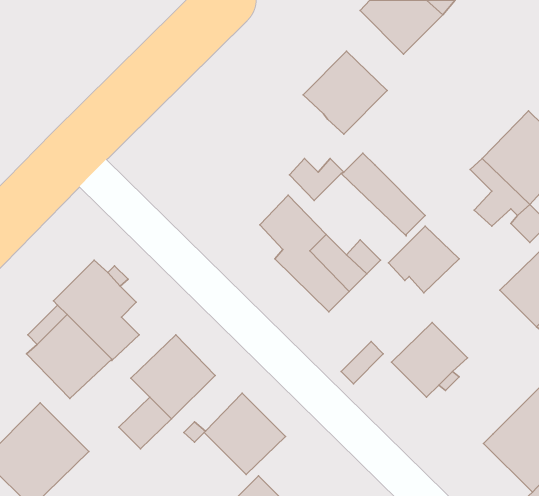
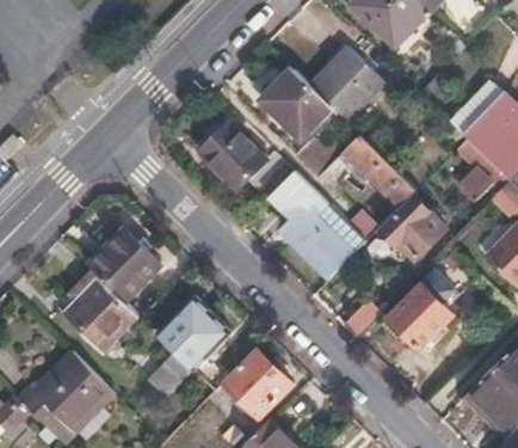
building: none -> [265,69,329,134]
building: none -> [446,79,506,140]
building: none -> [201,128,286,190]

